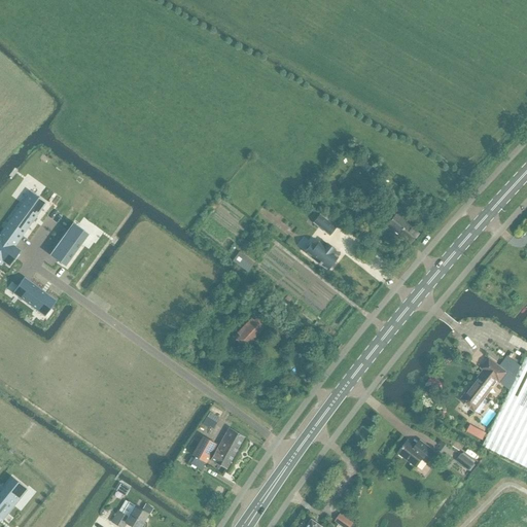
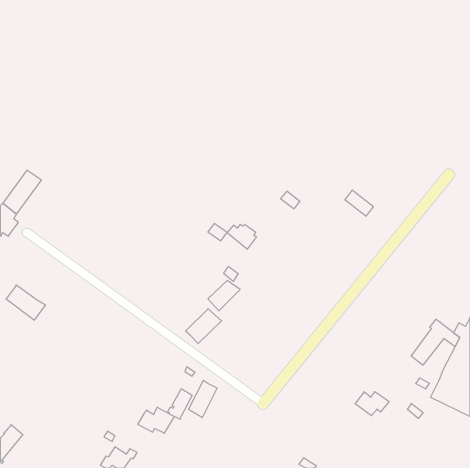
building: [51,223,89,266] -> none
building: [305,241,338,269] -> [227,224,257,249]
building: [12,276,57,315] -> [6,285,46,320]
building: none -> [186,309,222,344]
building: none -> [138,407,174,433]

